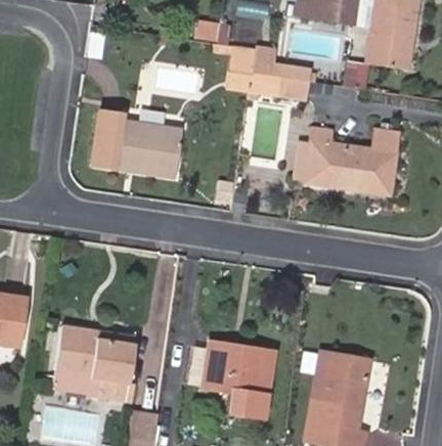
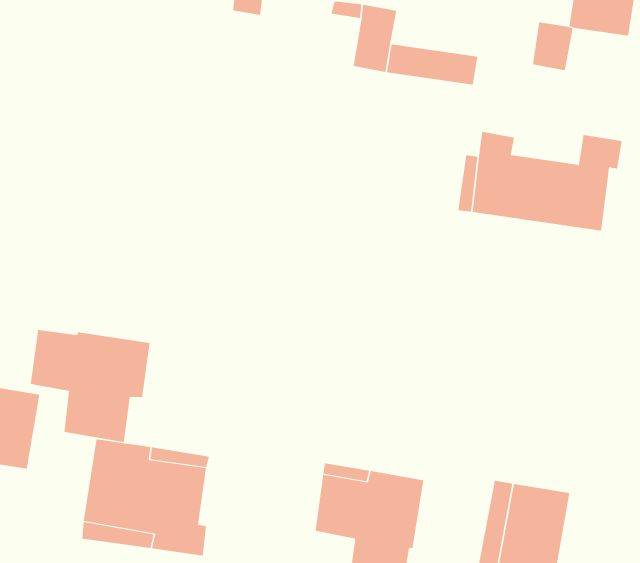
building: [254,50,311,80] -> none
building: [92,112,181,176] -> none
building: none -> [30,329,150,443]

